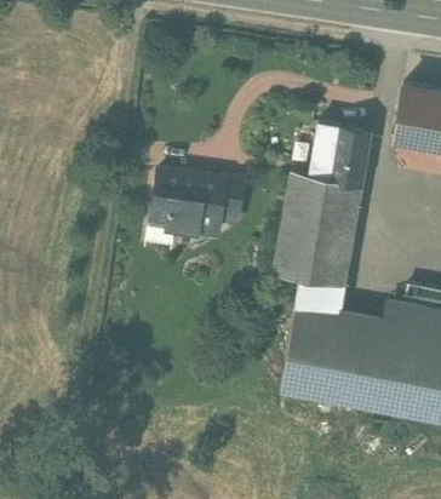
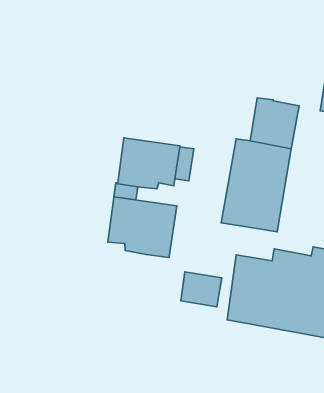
building: none -> [108,197,177,258]
building: [293,280,343,322] -> [181,272,222,307]

